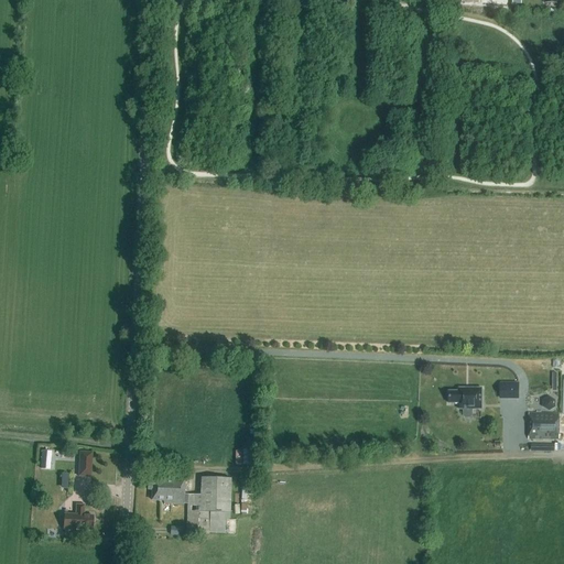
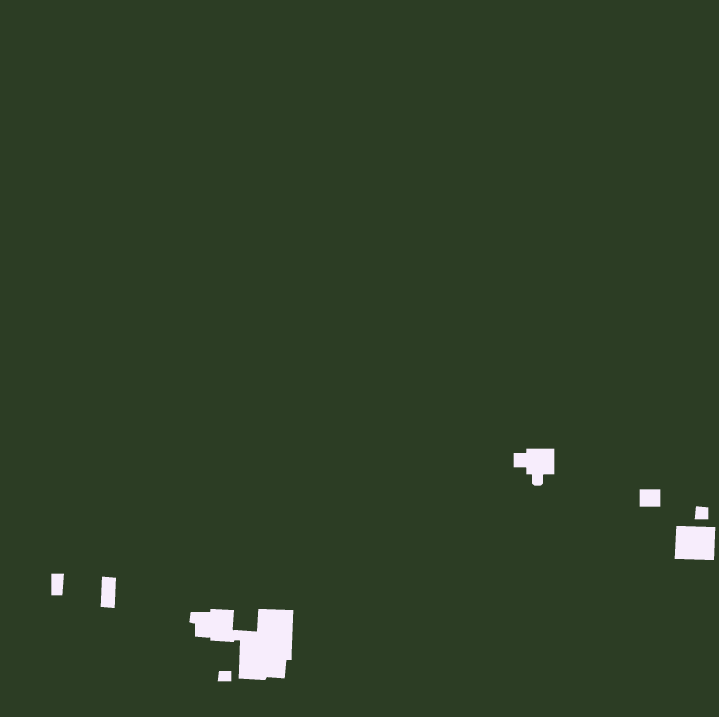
building: [448,387,481,416] -> [513,448,555,486]
building: [64,503,93,529] -> none

